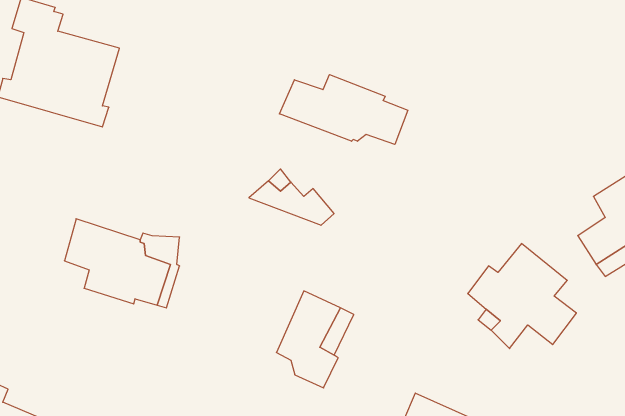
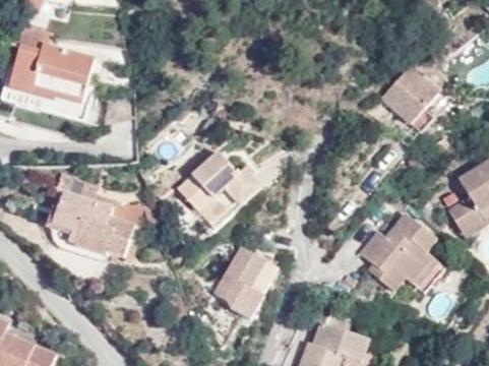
building: none -> [381,60,439,126]
building: [279,75,408,144] -> none
building: none -> [176,174,250,230]

